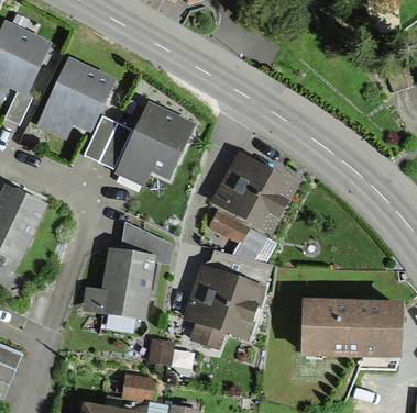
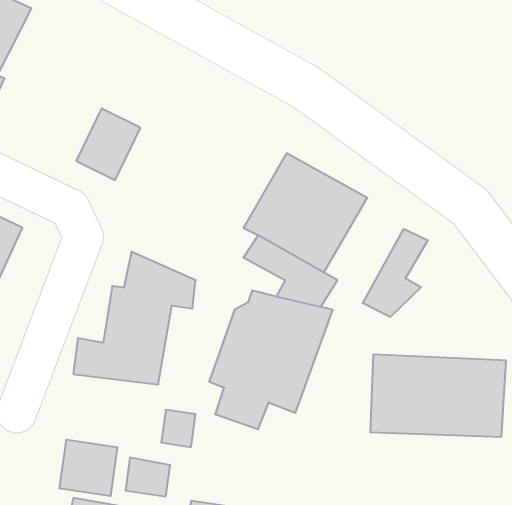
building: [36,57,114,136] -> none
building: [117,102,195,183] -> none
building: none -> [363,229,428,317]
building: none -> [60,440,117,496]

